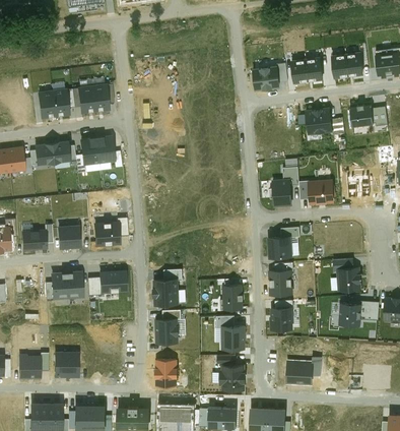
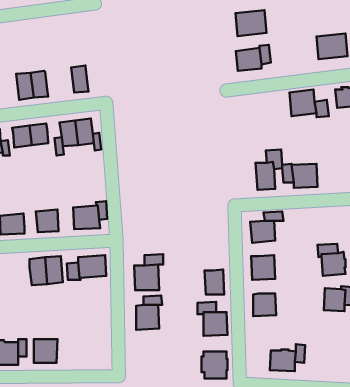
building: [291,58,322,83] -> [236,10,267,36]
building: [77,86,94,113] -> none
building: [155,360,176,386] -> none

